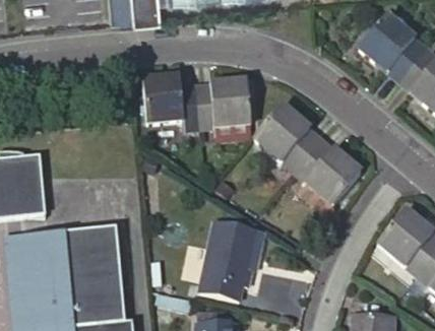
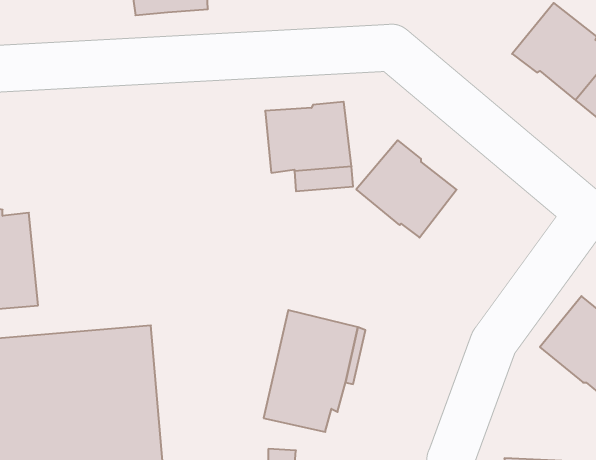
building: [141,77,198,128] -> none
building: [296,138,362,203] -> none

